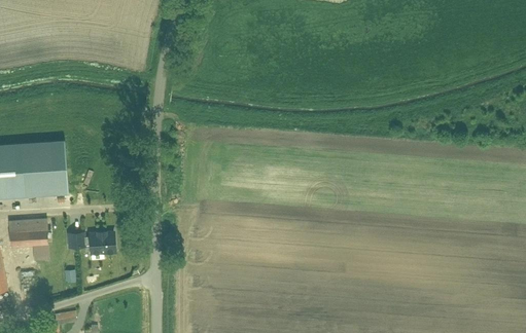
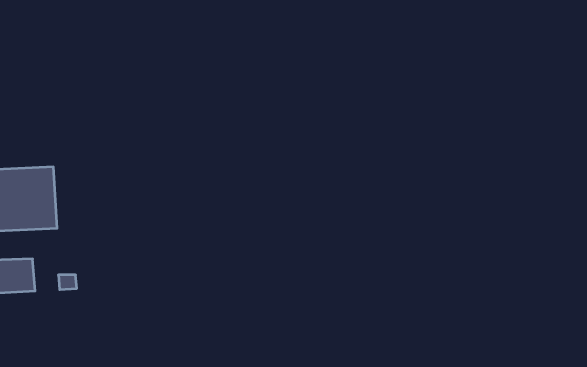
building: [89,232,114,254] -> none

